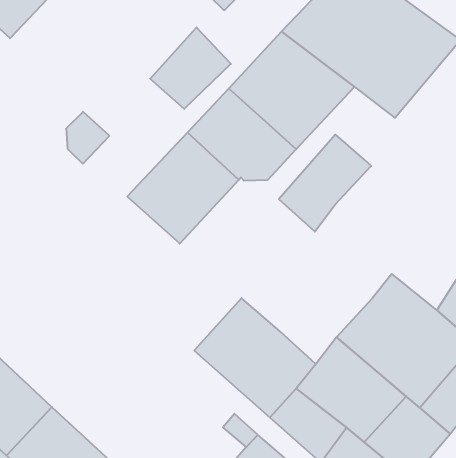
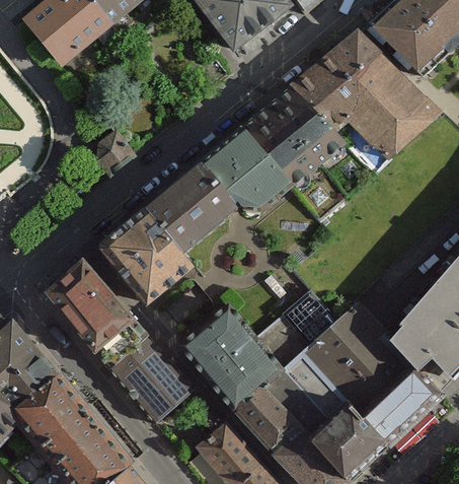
building: [150,27,231,109] -> none
building: [279,135,371,232] -> [255,290,336,369]
building: none -> [99,207,192,300]
building: none -> [46,259,194,422]

